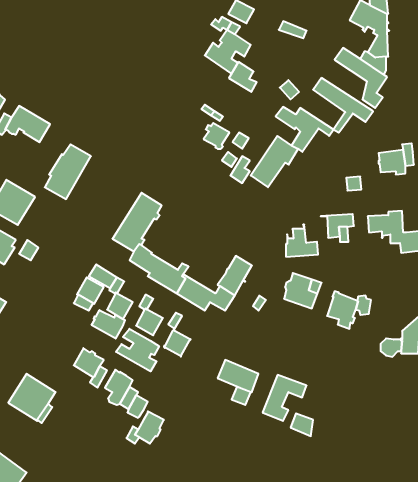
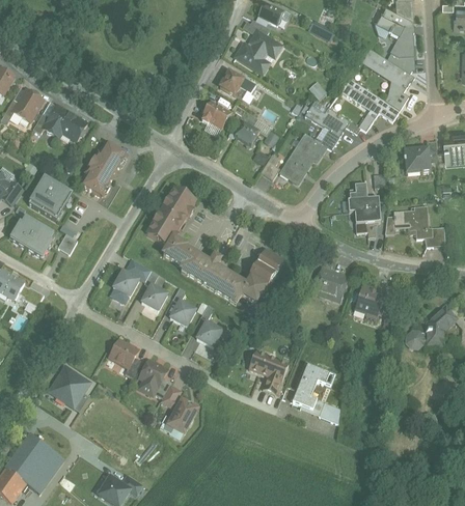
building: [229,62,257,92] -> [219,71,246,100]
building: none -> [201,101,230,129]
building: [286,225,318,257] -> [348,180,379,212]
building: [92,310,125,339] -> none
building: [116,329,159,371] -> none

